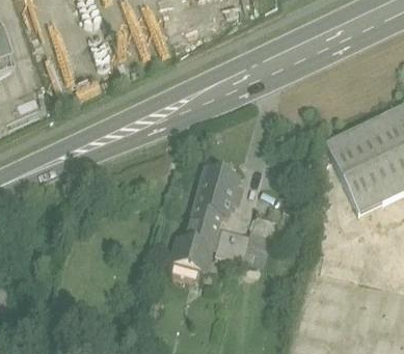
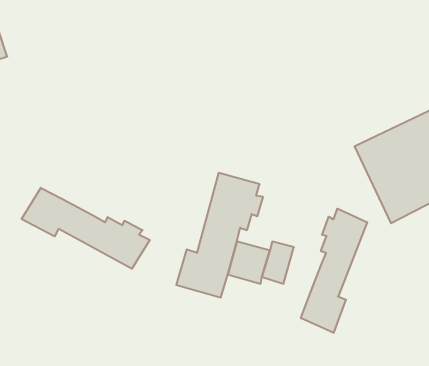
building: none -> [22,188,150,269]
building: none -> [301,209,367,333]

